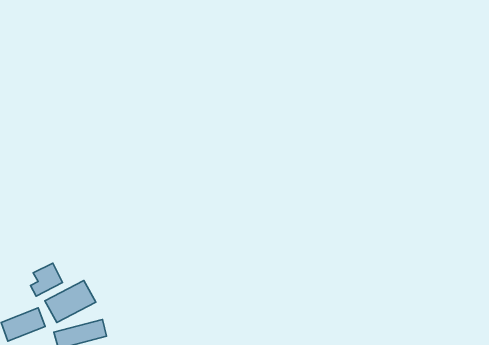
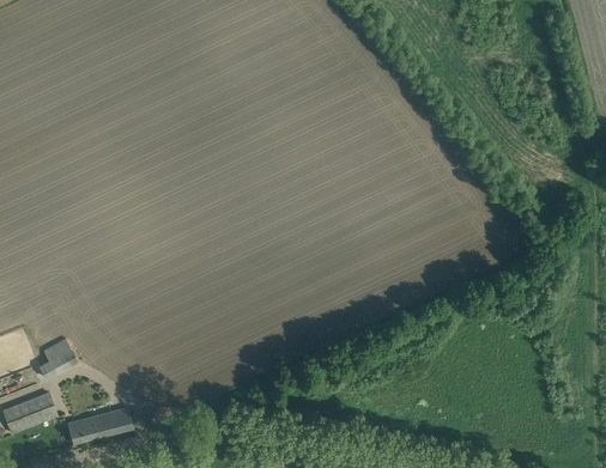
building: [45,281,96,323] -> none

